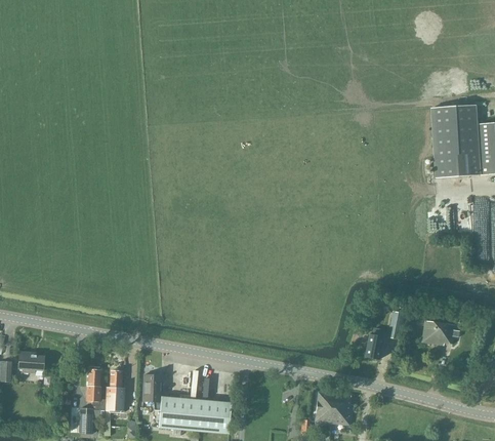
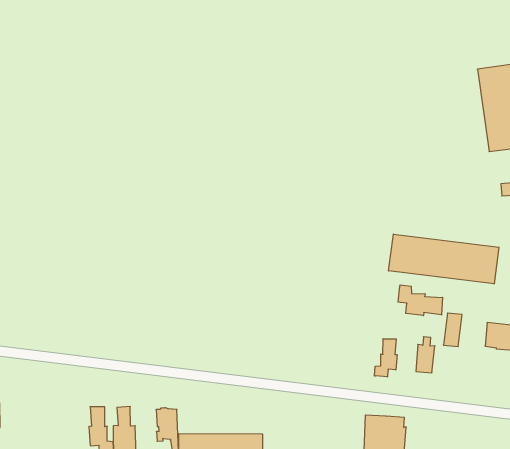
building: none -> [389,234,499,284]
building: none -> [398,285,443,316]
building: none -> [374,339,397,377]
building: [17,351,43,371] -> none

